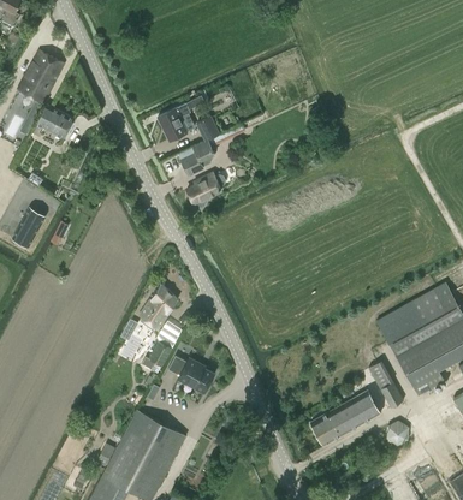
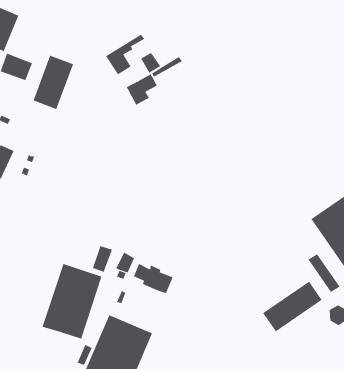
building: none -> [33,55,74,110]
building: [185,174,224,210] -> none
building: [138,284,177,331] -> none
building: none -> [42,263,102,339]

